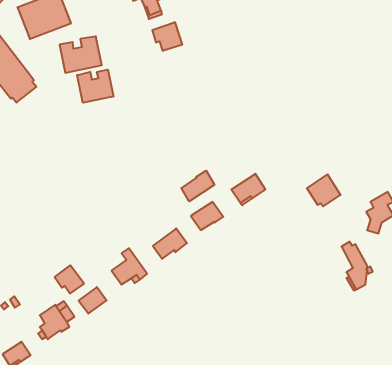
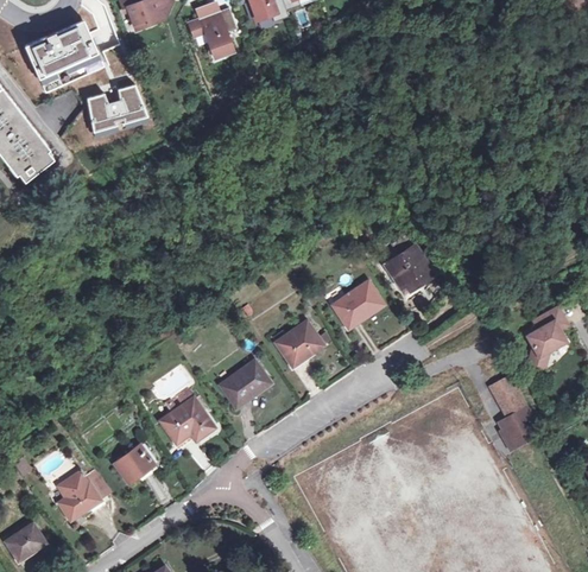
building: [152,22,182,51] -> none
building: [77,70,113,103] -> none
building: [181,171,214,201] -> none
building: [307,174,341,206] -> [385,244,434,291]
building: [55,265,84,294] -> none

